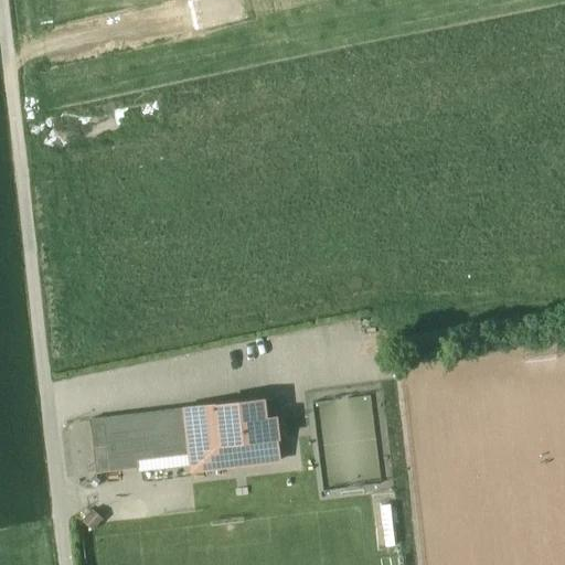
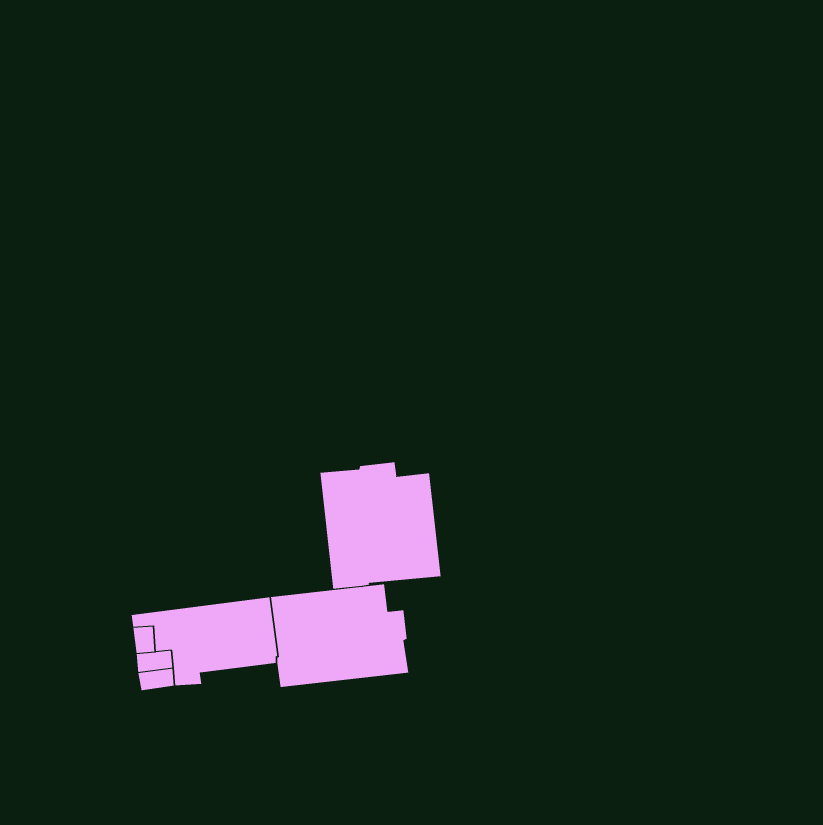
building: none -> [320,462,441,589]

